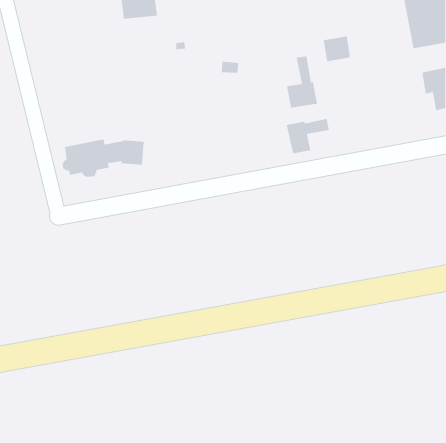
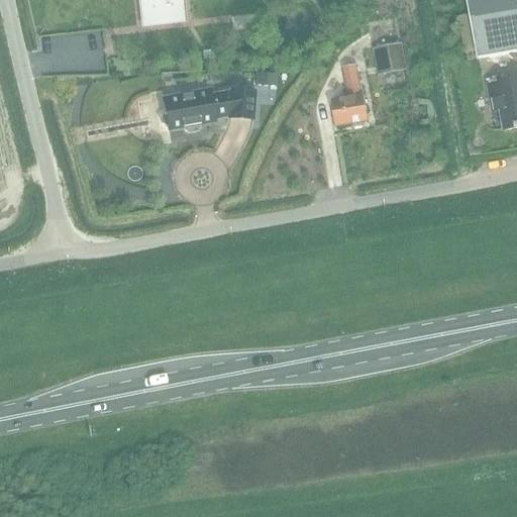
building: [286,118,329,154] -> none
building: [62,139,144,177] -> [163,87,258,131]

